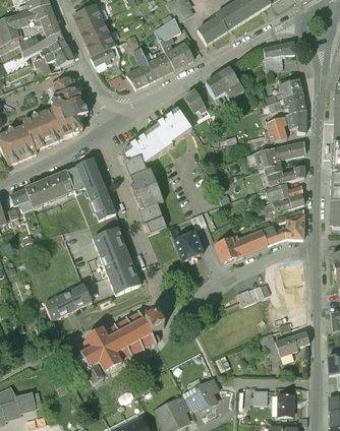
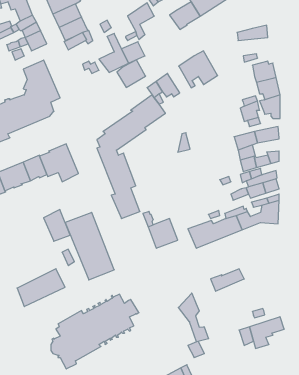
building: [165,43,193,70] -> [117,60,146,87]
building: [89,188,115,220] -> [44,210,70,241]
building: none -> [178,293,209,342]

